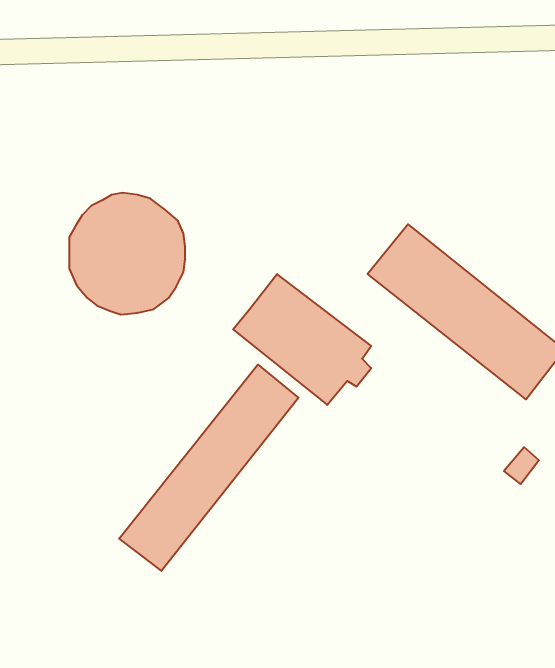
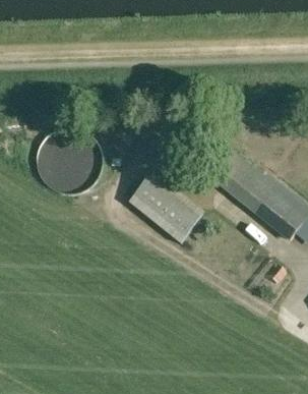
building: [119,365,299,571] -> none

